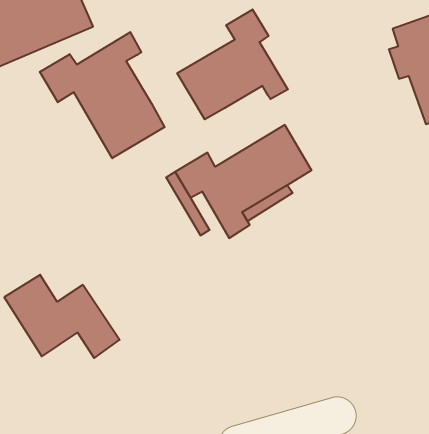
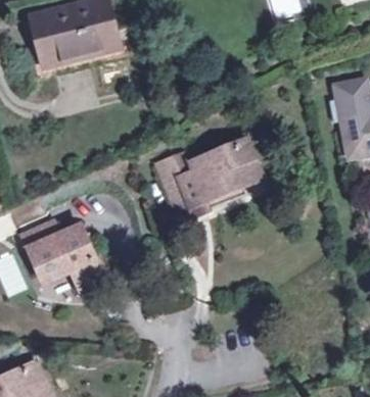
building: [177,9,288,119] -> none
building: [40,32,165,158] -> none

